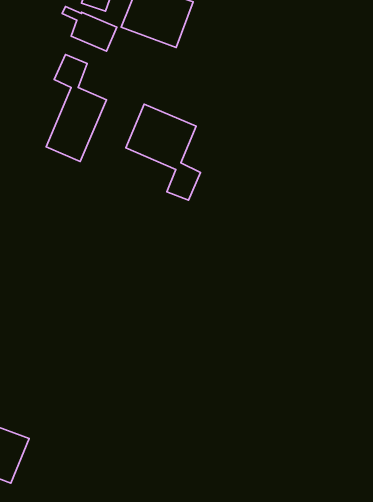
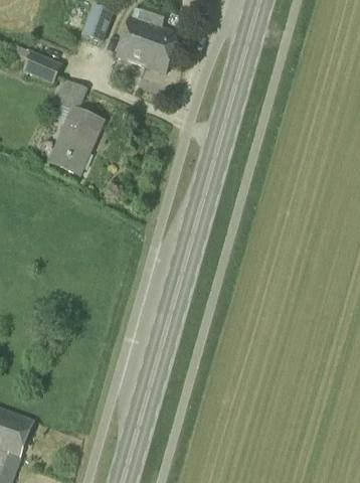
building: [62,7,117,51] -> [13,44,61,84]
building: [126,104,200,200] -> none

